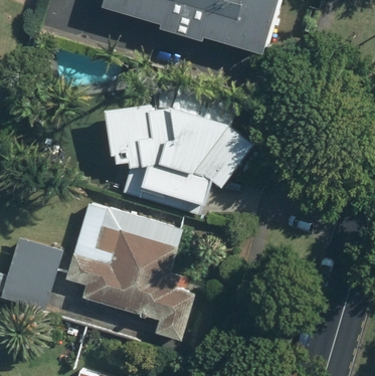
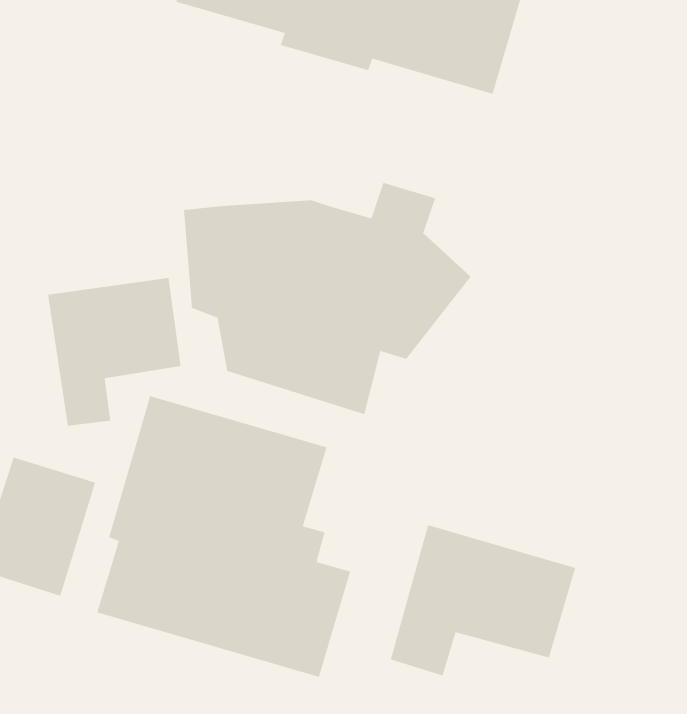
building: none -> [47,277,182,426]
building: none -> [390,524,576,676]

